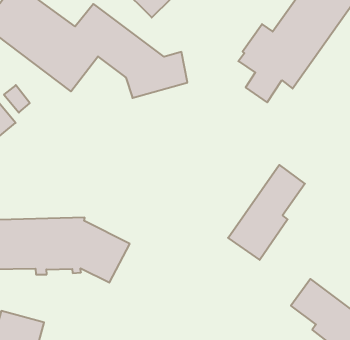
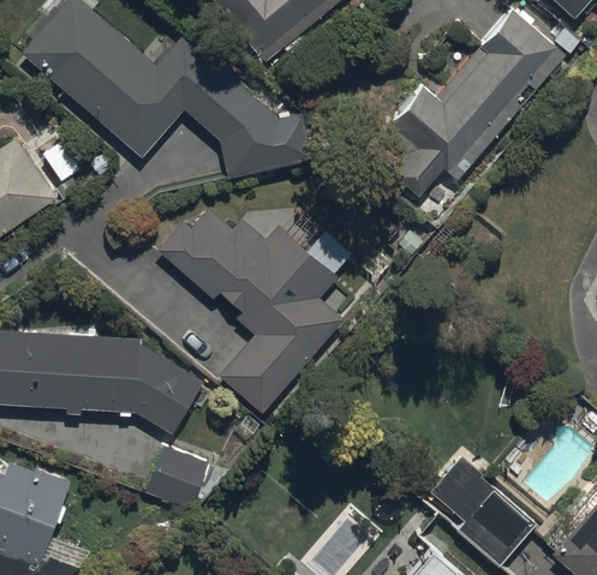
building: none -> [157,209,350,412]
building: [228,165,305,260] -> none
building: none -> [144,447,210,510]

